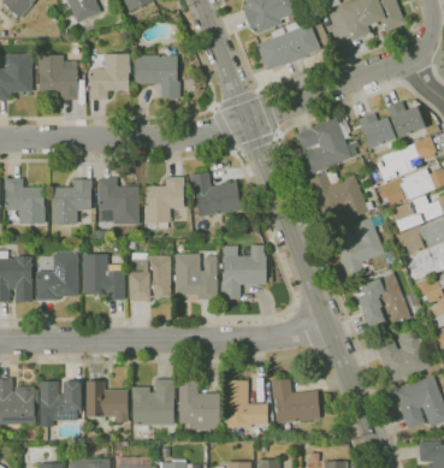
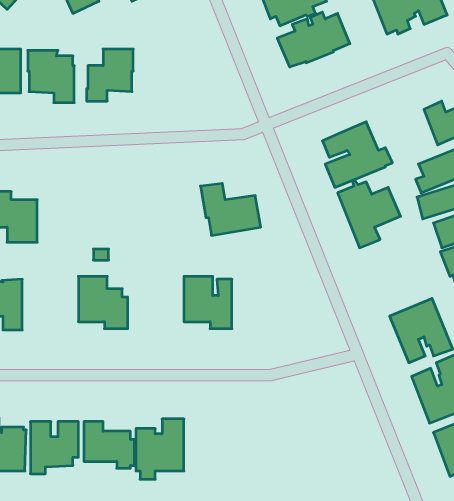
building: [134,54,180,99] -> none
building: [359,113,395,148] -> none
building: [144,177,185,223] -> none
building: [99,178,138,224] -> none
building: [52,179,91,224] -> none
building: [332,215,384,280] -> none
building: [221,245,266,300] -> none
building: [129,253,171,301] -> none
building: [36,254,78,301] -> none
building: [178,377,220,430] -> none
building: [271,379,320,423] -> none
building: [225,380,267,428] -> none

